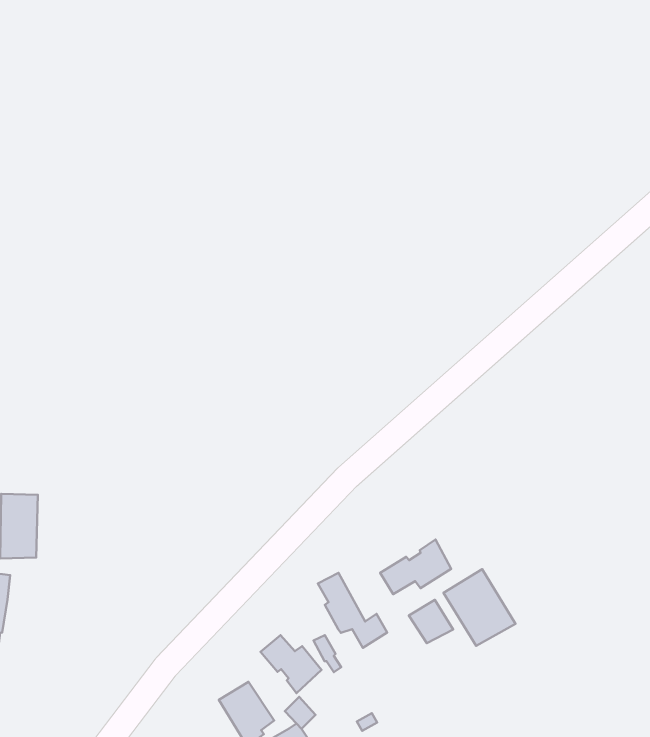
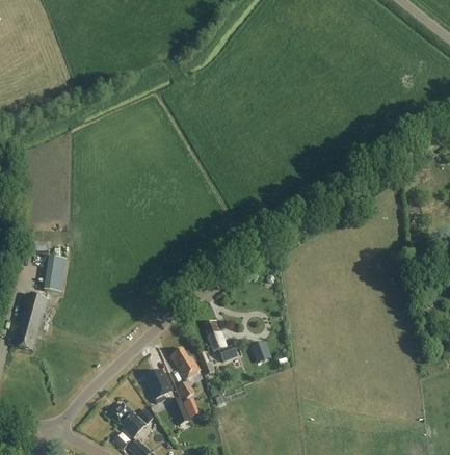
building: [380,540,451,594] -> none
building: [444,569,515,646] -> none

